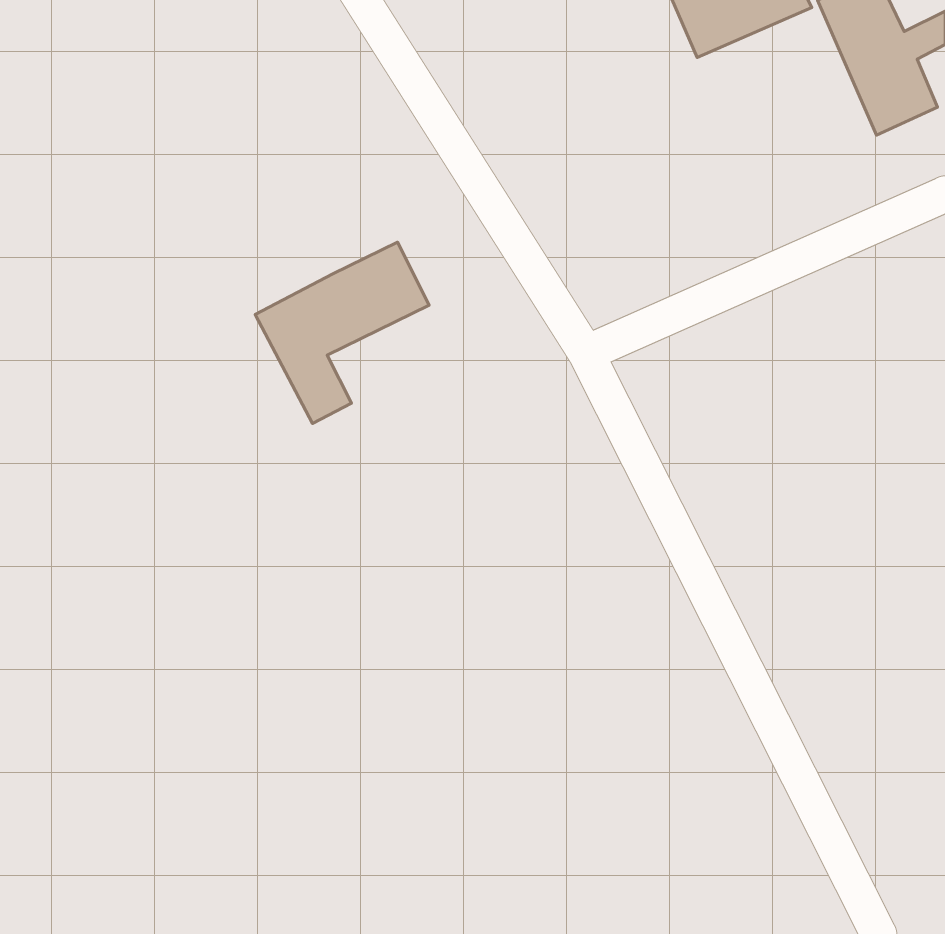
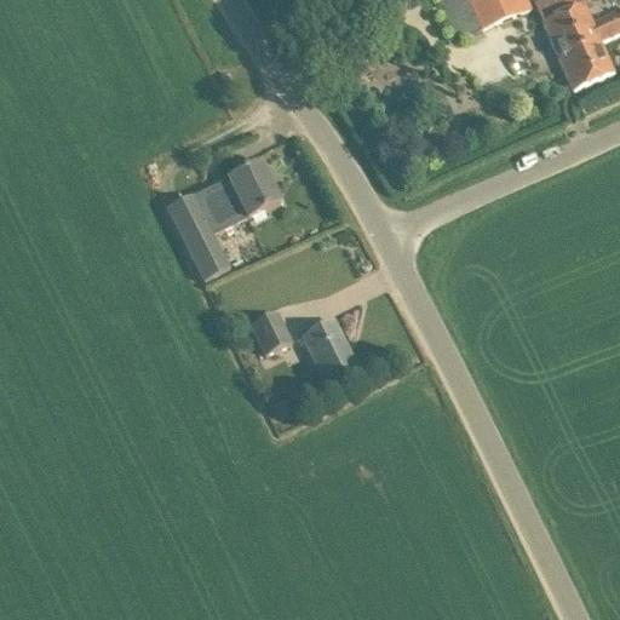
building: none -> [249,309,292,354]
building: none -> [303,317,356,378]

